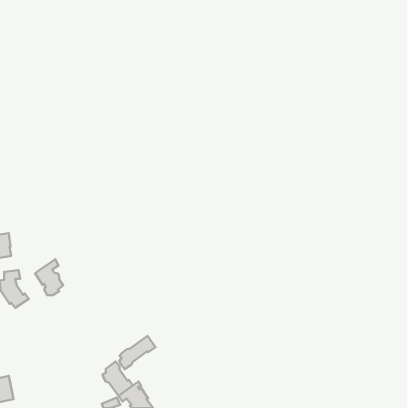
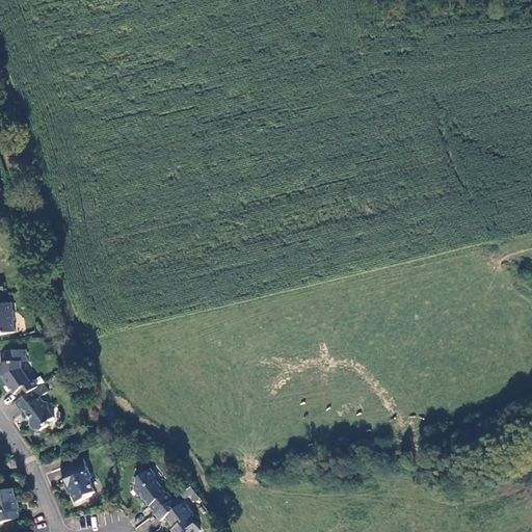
building: [35,259,63,295] -> [17,383,53,430]
building: [119,336,155,369] -> none
building: none -> [60,457,94,502]

